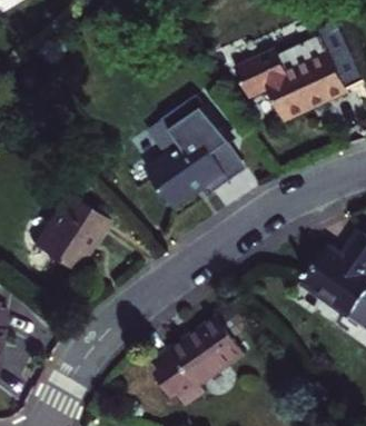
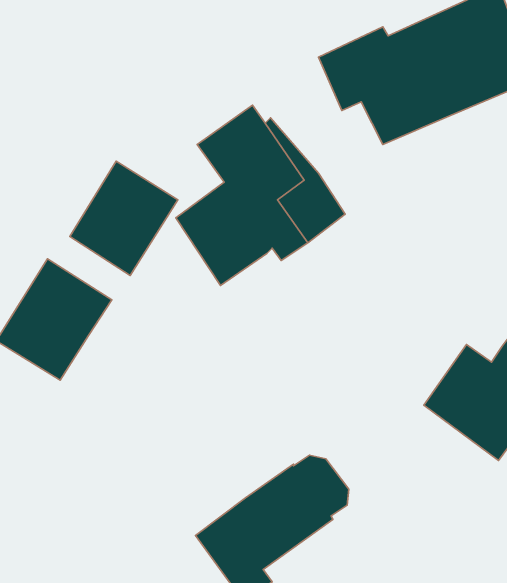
building: none -> [70,161,178,276]

